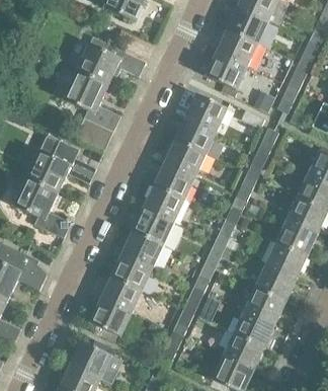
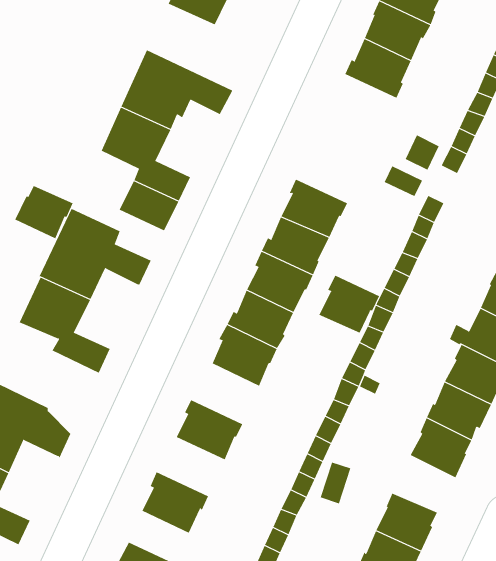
building: [207,52,248,90] -> none
building: [185,93,228,132] -> none
building: none -> [14,185,74,239]
building: none -> [319,275,380,334]
building: [120,231,163,268] -> none
building: [99,277,142,313] -> none
building: [245,288,284,323] -> none

